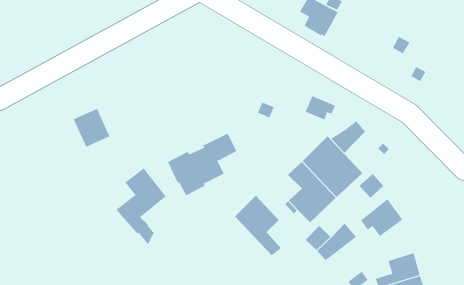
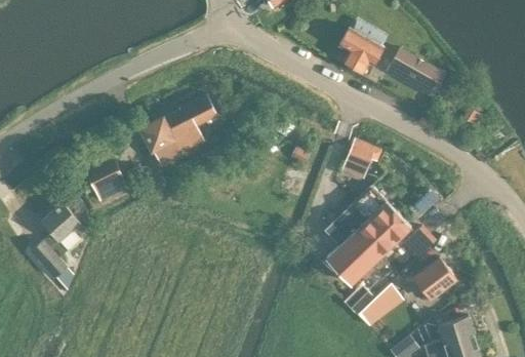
building: none -> [389,46,445,91]
building: [330,120,366,154] -> none
building: [167,133,237,196] -> [138,94,217,165]
building: [115,168,167,245] -> [30,202,87,289]
building: [234,195,282,256] -> none

